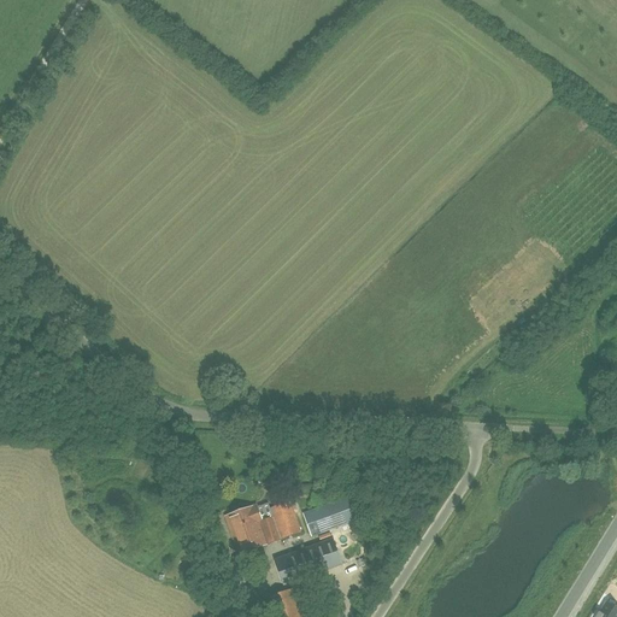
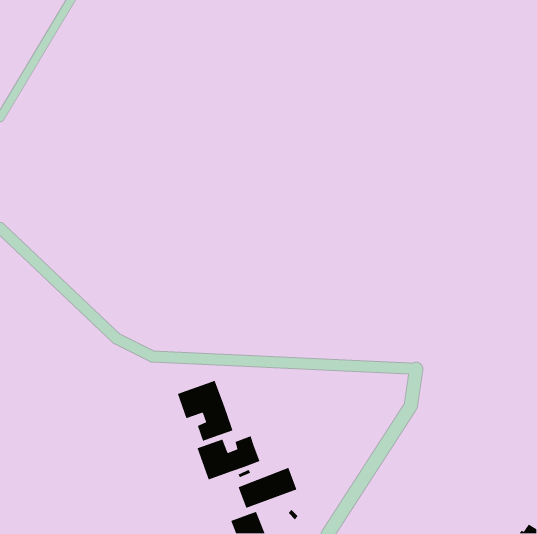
building: none -> [177,380,233,442]
building: [304,495,354,533] -> none

